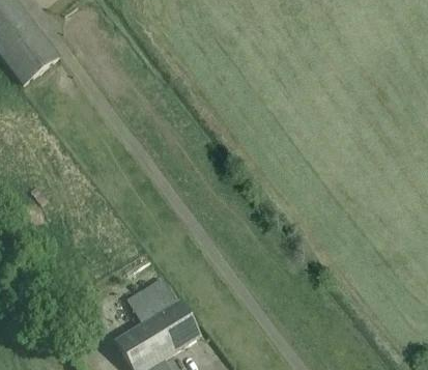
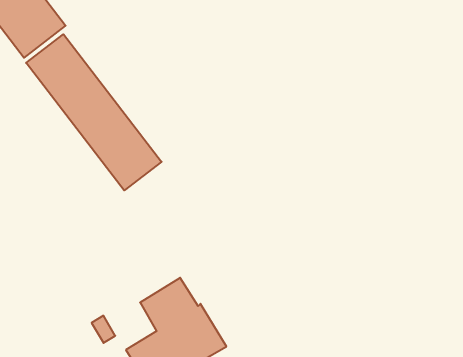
building: none -> [26,34,162,190]

